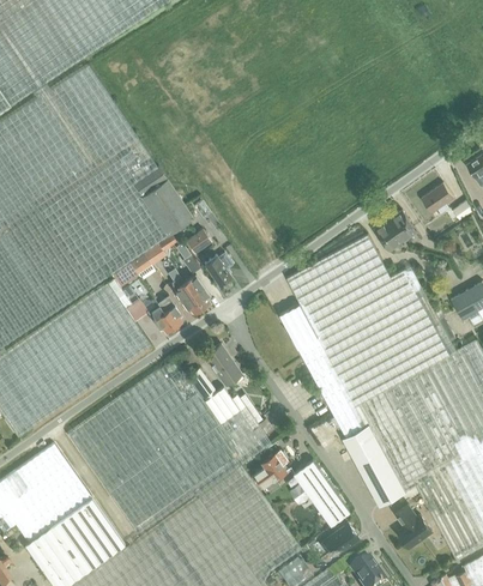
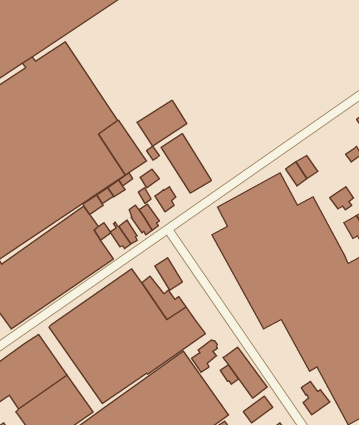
building: none -> [137,100,187,146]
building: none -> [161,134,211,193]
building: [422,183,453,213] -> [330,187,354,210]
building: [343,424,406,506] -> none

